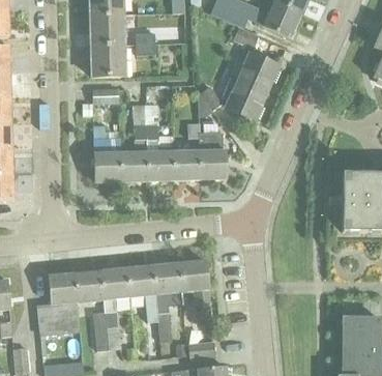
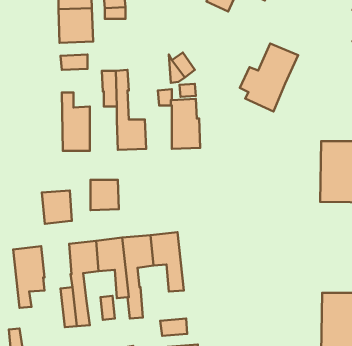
building: [222,54,277,119] -> [240,43,298,112]
building: [174,150,200,179] -> none
building: [121,152,148,181] -> [91,180,119,210]
building: [75,270,104,302] -> [42,190,72,224]

